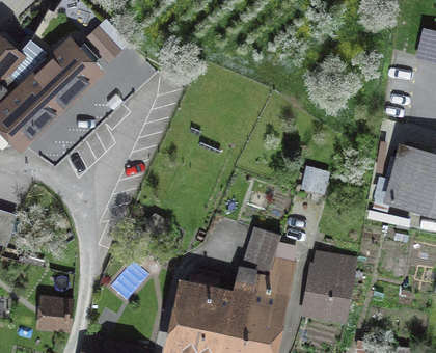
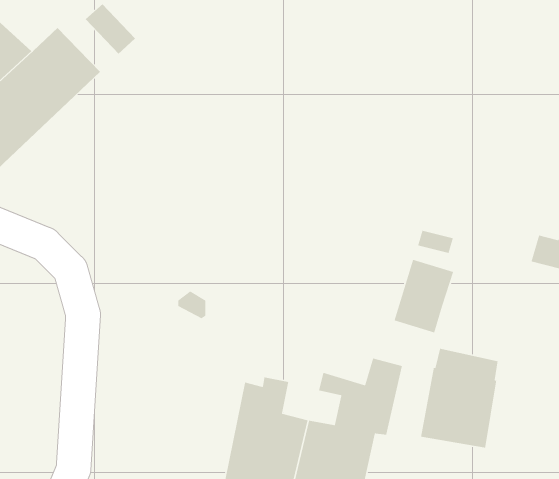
building: [242,227,281,276] -> [393,259,454,334]
building: [42,299,73,330] -> none

